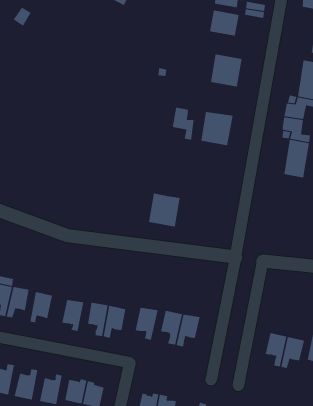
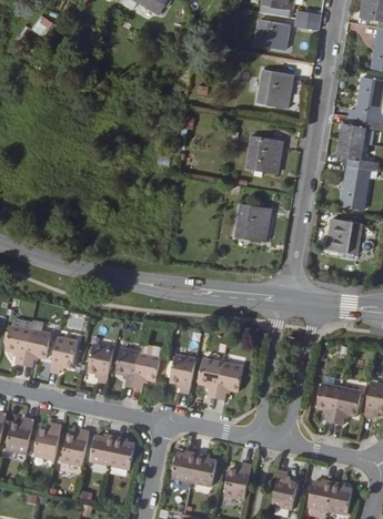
building: [172,107,194,141] -> none
building: none -> [326,217,361,253]
building: [148,193,180,227] -> [233,203,270,242]

